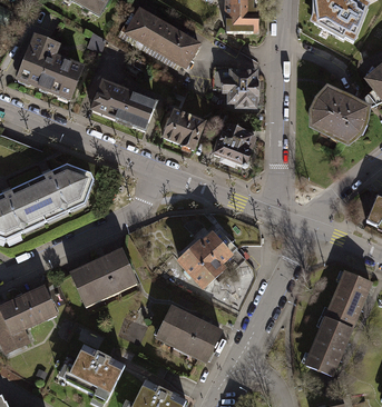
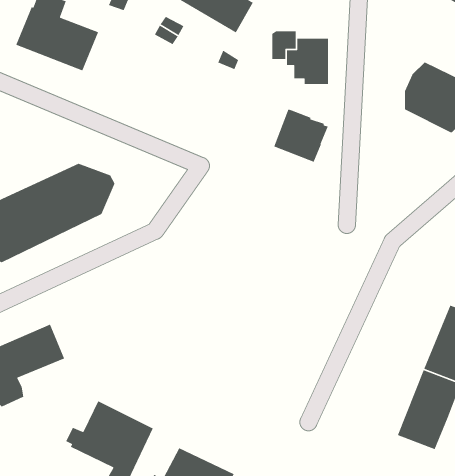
building: [91,80,155,128] -> none
building: [163,108,204,148] -> none
building: [180,226,248,286] -> none
building: [71,249,136,305] -> none
building: [156,305,221,358] -> none

